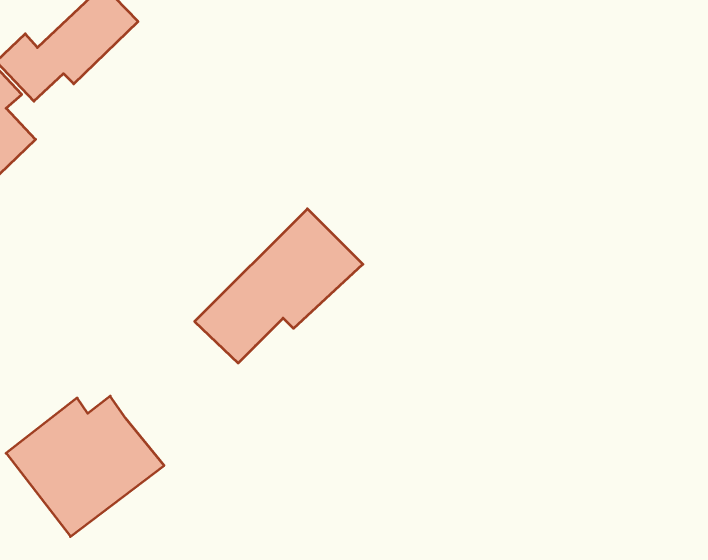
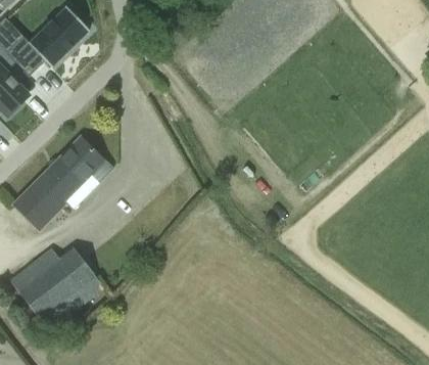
building: [195,209,363,363] -> [14,136,113,227]

